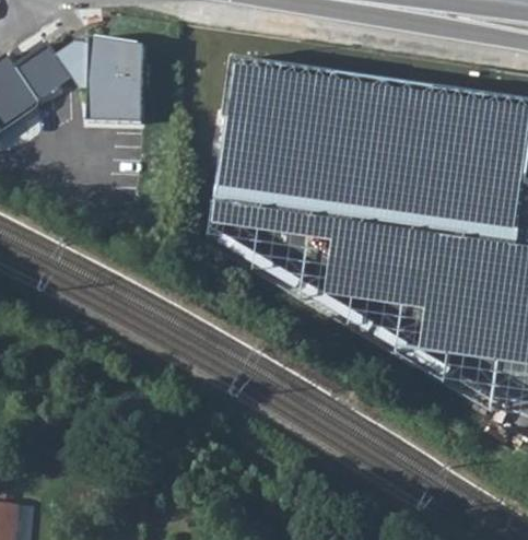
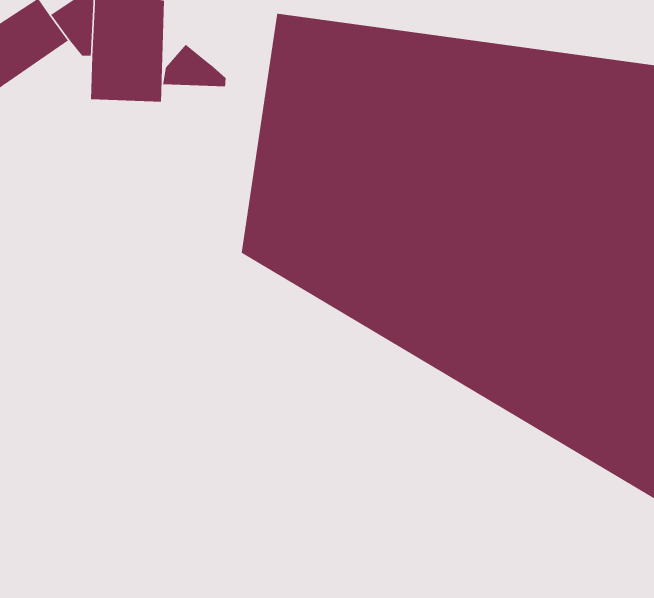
building: none -> [162,44,226,87]

